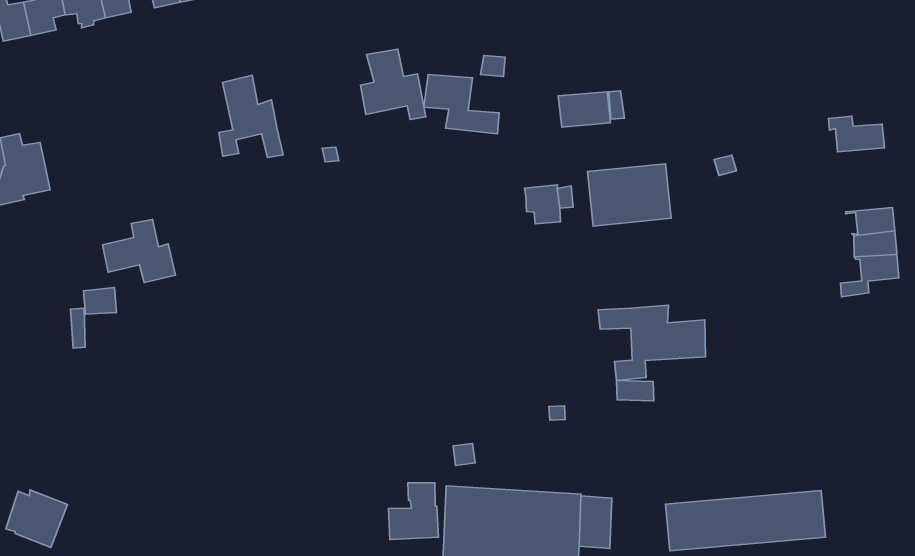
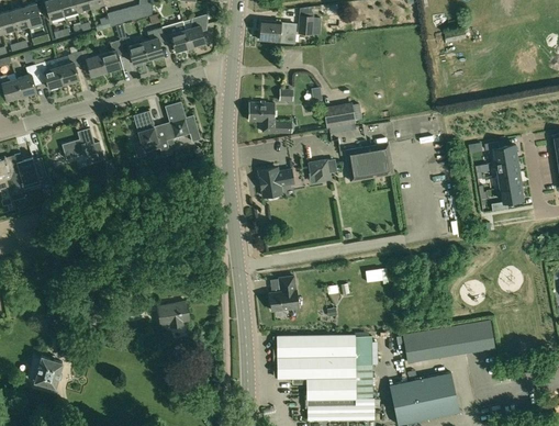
building: [360,49,426,120] -> [161,102,200,142]
building: [829,116,884,152] -> [485,143,518,164]
building: none -> [259,168,293,200]
building: [102,219,176,283] -> [62,128,104,165]
building: [598,305,706,381] -> none
building: none -> [157,301,189,326]
building: [388,483,439,540] -> [269,277,299,311]

